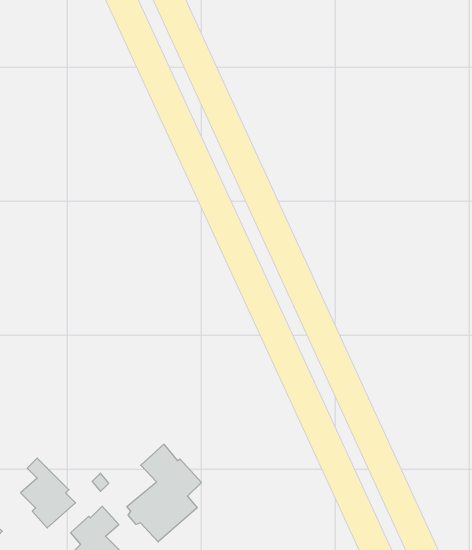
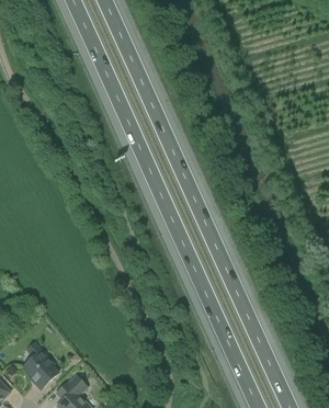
building: [127,444,201,542] -> none

